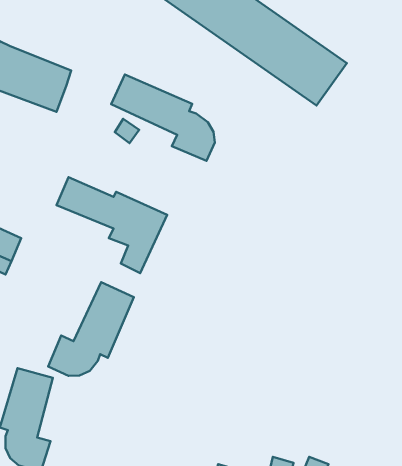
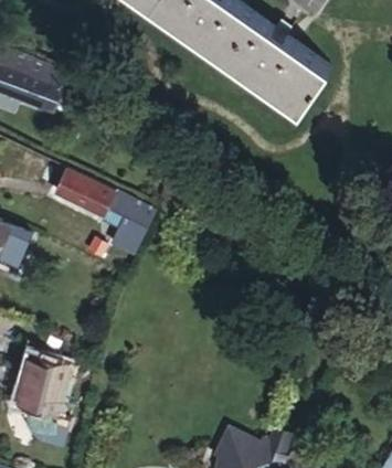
building: [111,75,215,161] -> none
building: [48,282,134,376] -> none

